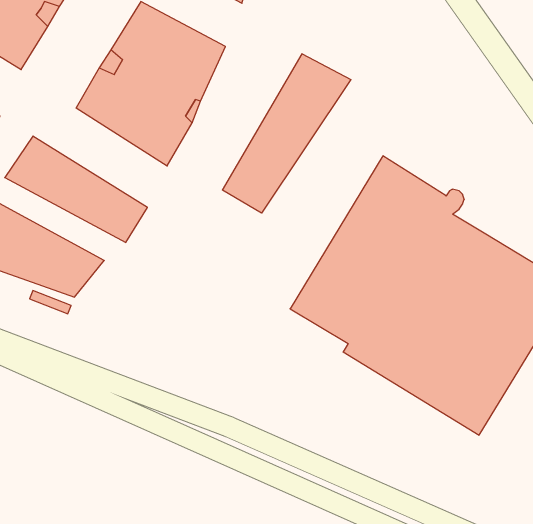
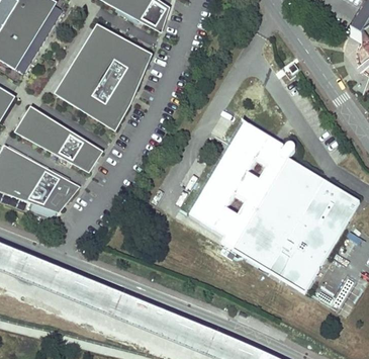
building: [222,54,351,213] -> none

